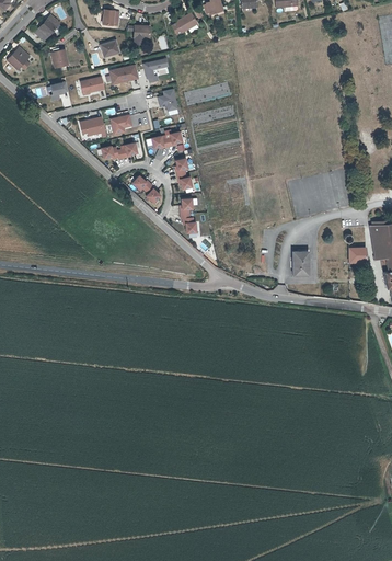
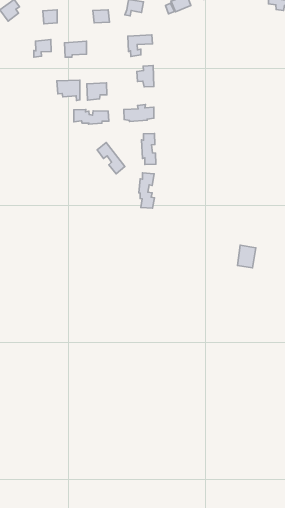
building: [107,64,138,84] -> none

